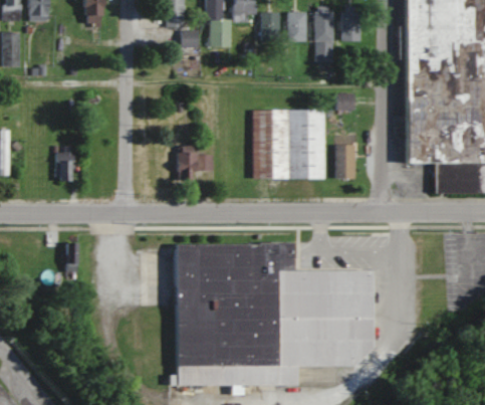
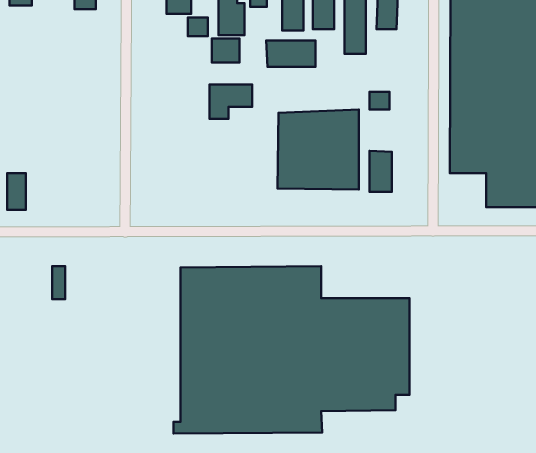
building: none -> [212,39,239,63]
building: none -> [266,40,315,67]
building: [56,150,72,181] -> [7,173,26,210]
building: [177,153,213,182] -> [210,84,252,119]

